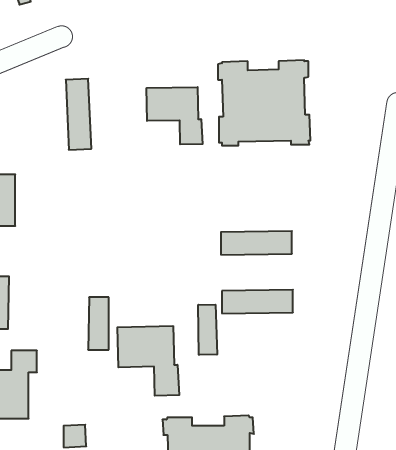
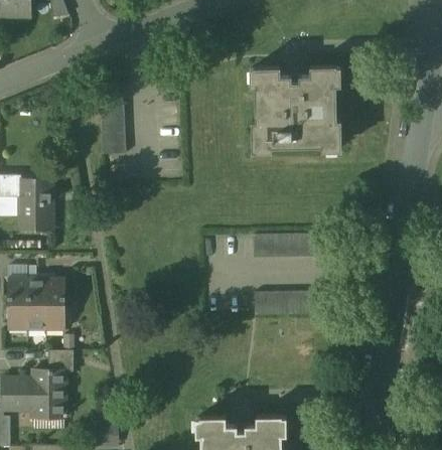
building: [147,87,203,144] -> none
building: [88,297,109,350] -> [45,279,65,330]
building: [198,305,217,355] -> none
building: [117,326,179,396] -> none

